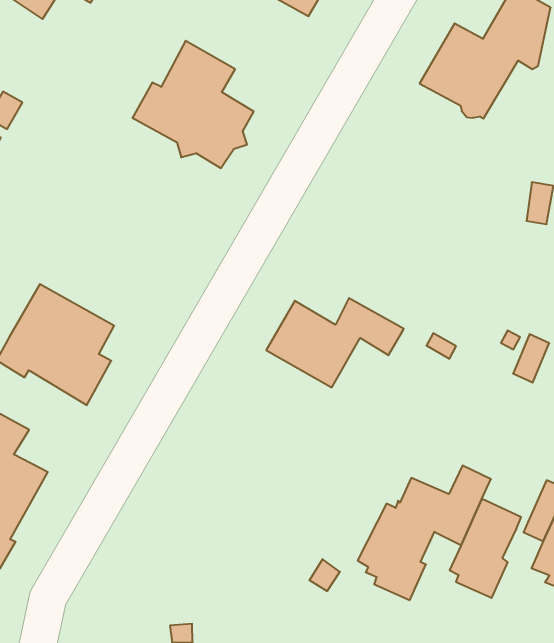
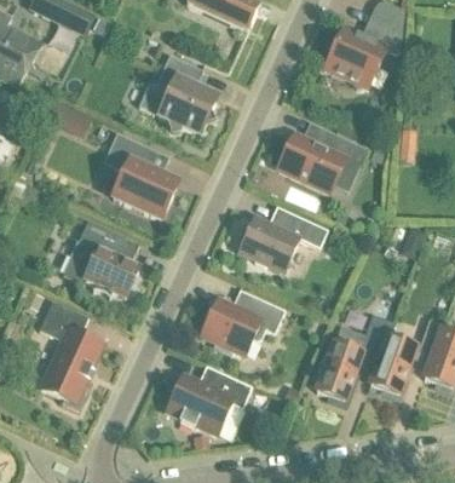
building: none -> [102,132,178,219]
building: none -> [277,130,368,192]
building: none -> [201,292,284,355]
building: none -> [166,368,252,433]

